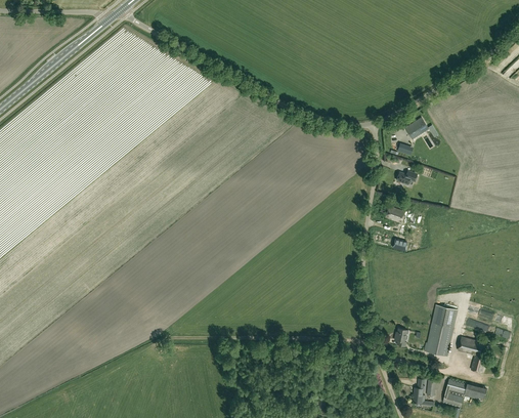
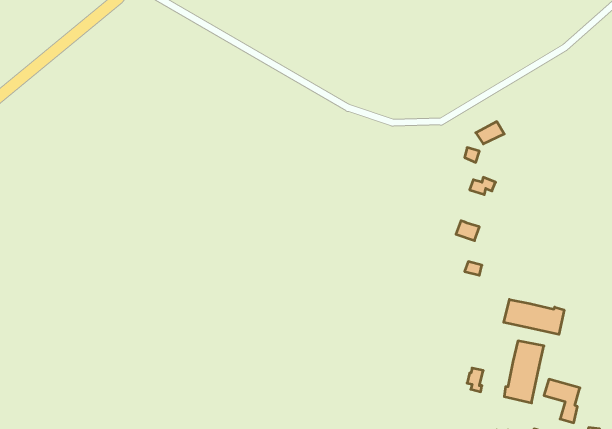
building: none -> [504,299,564,334]

